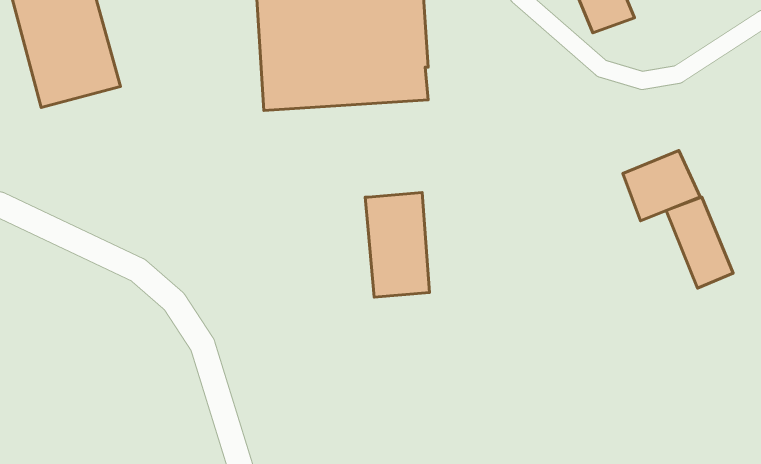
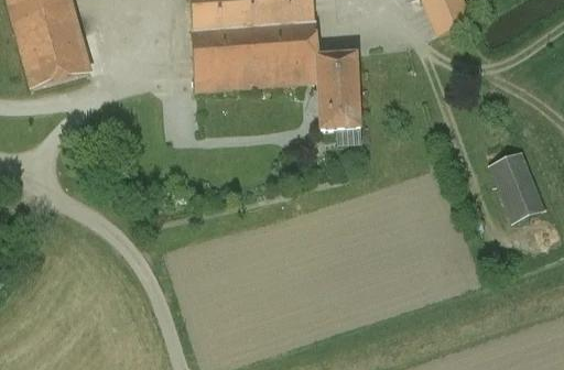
building: [623,151,700,221] -> none
building: [365,193,430,297] -> [314,54,361,131]

